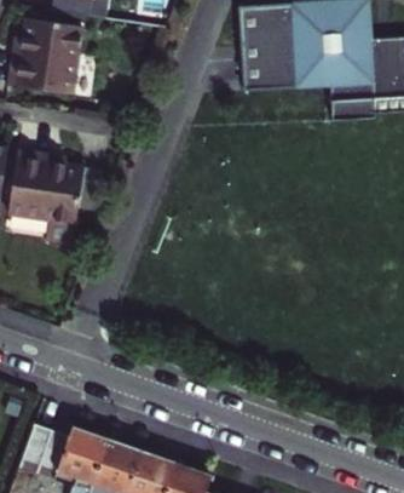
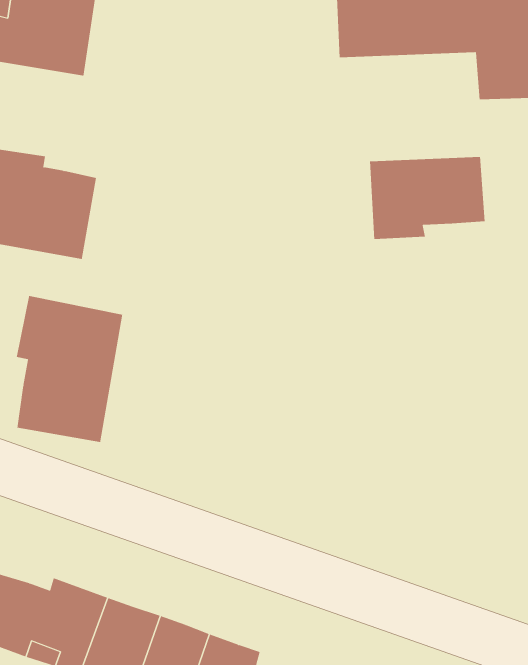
building: none -> [369,156,485,240]
building: none -> [16,295,123,443]

